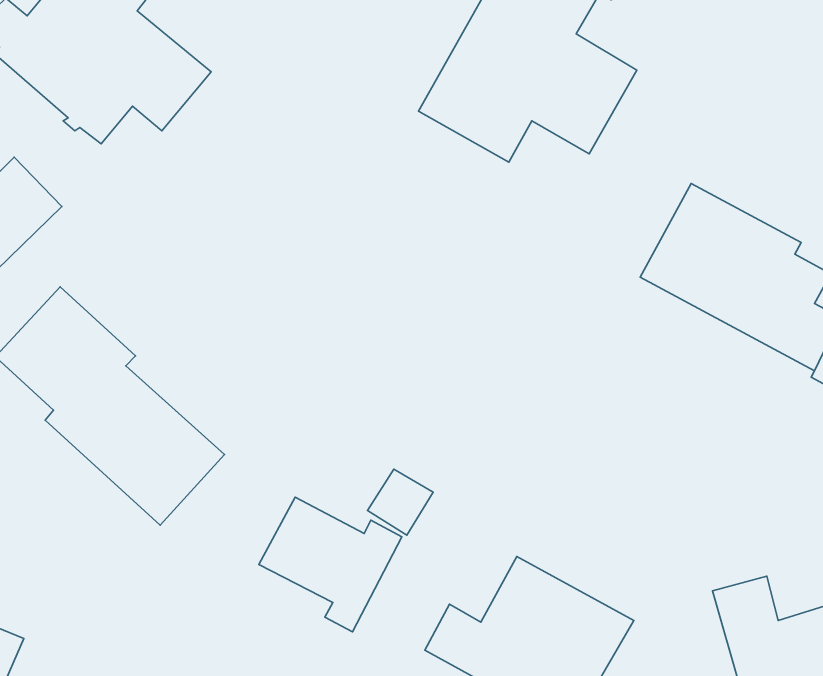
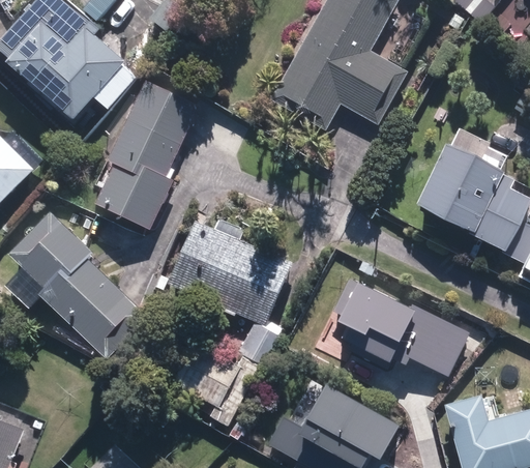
building: none -> [92,81,199,230]
building: none -> [166,221,291,325]
building: none -> [344,273,474,372]

